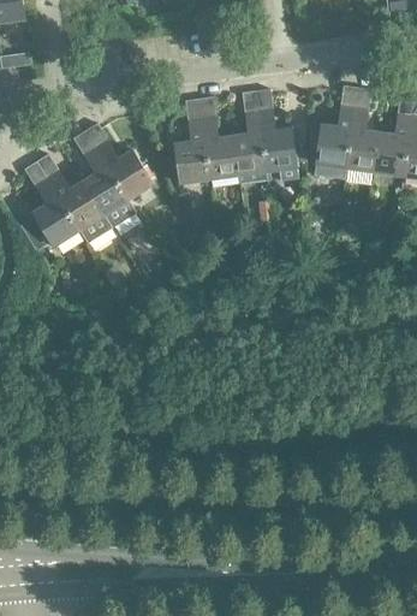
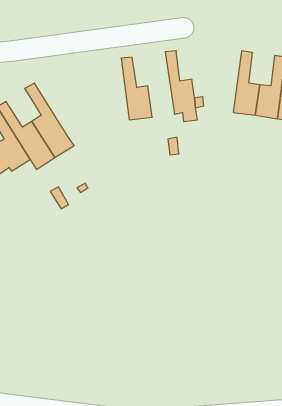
building: [310,85,356,168] -> none
building: [233,89,269,184] -> none
building: [175,97,209,182] -> none
building: [85,123,155,200] -> none

